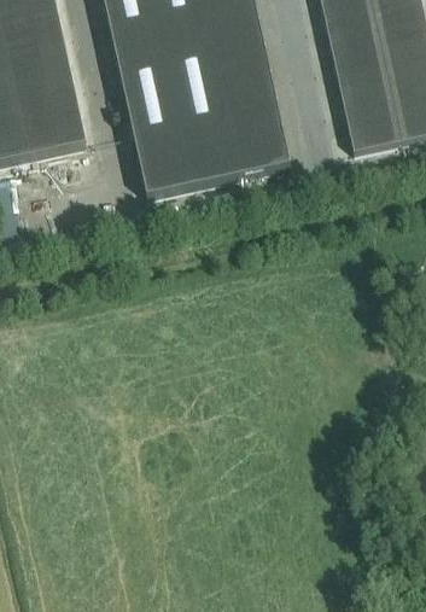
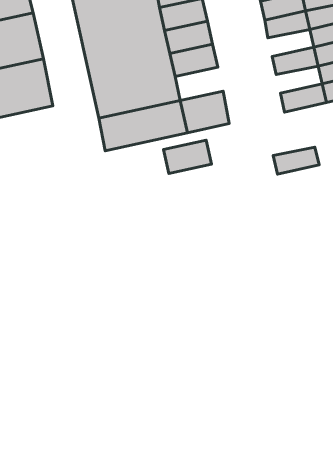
building: [335,59,389,91] -> none
building: [345,101,398,133] -> [273,147,319,174]
building: [228,103,284,141] -> [164,140,212,174]

